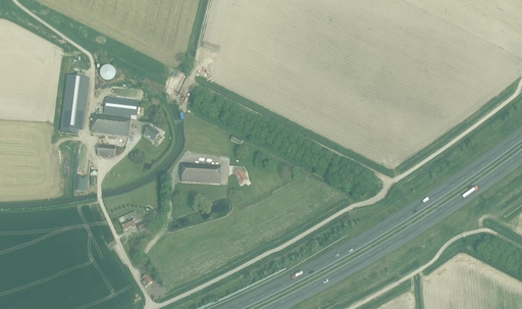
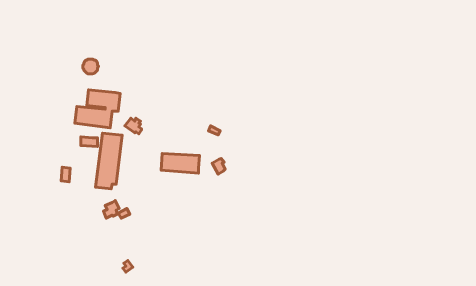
building: [60,75,88,134] -> [96,133,122,189]

